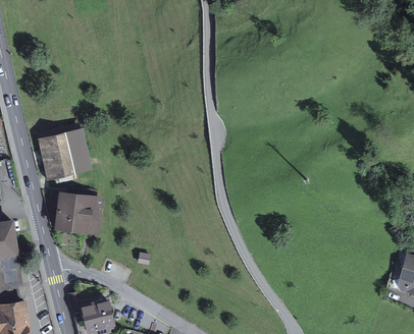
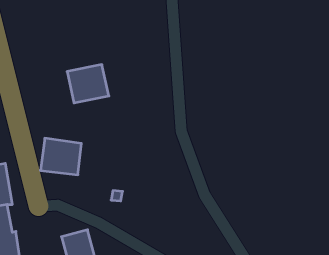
building: [41,130,90,175] -> [67,65,109,103]

